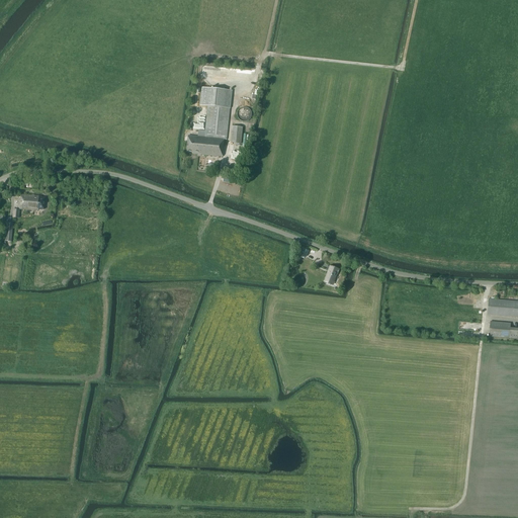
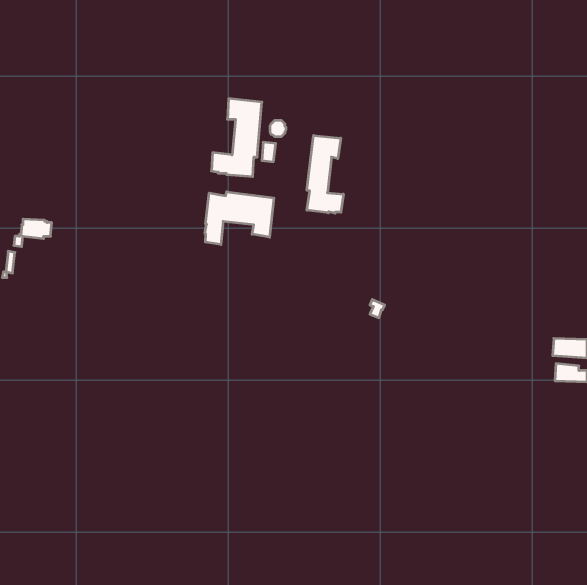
building: none -> [307,135,343,213]
building: none -> [205,192,274,245]

